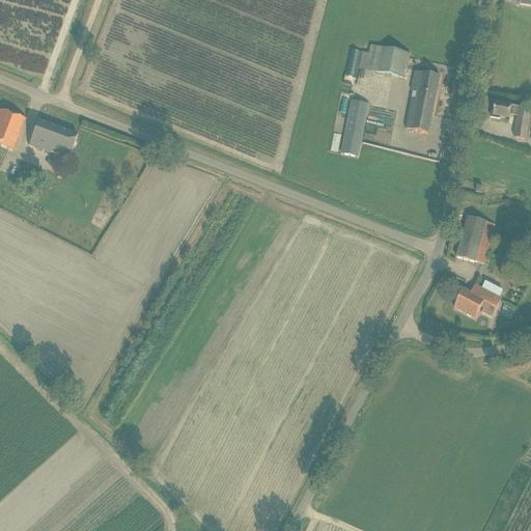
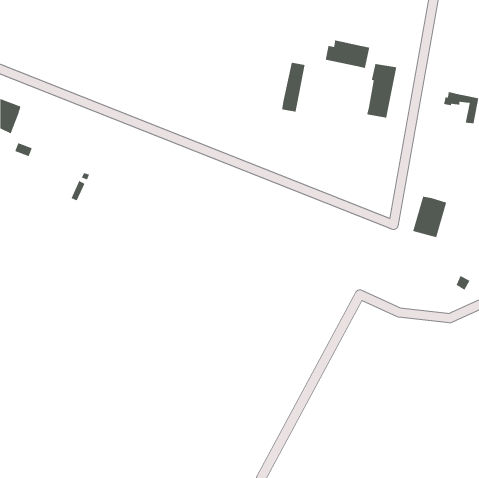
building: [340,99,367,155] -> [281,62,305,113]
building: [27,117,77,158] -> none
building: [453,283,500,317] -> none

